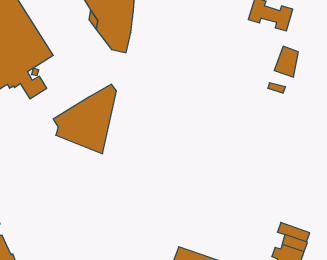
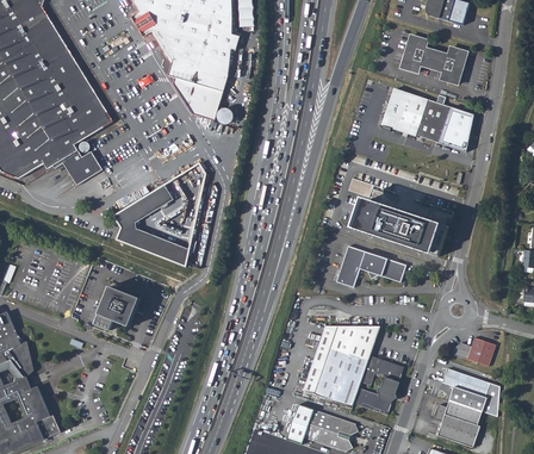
building: none -> [381,88,451,143]
building: none -> [352,197,448,255]
building: none -> [336,245,405,287]
building: none -> [94,286,139,330]
building: none -> [303,324,403,413]
building: none -> [449,337,496,365]

